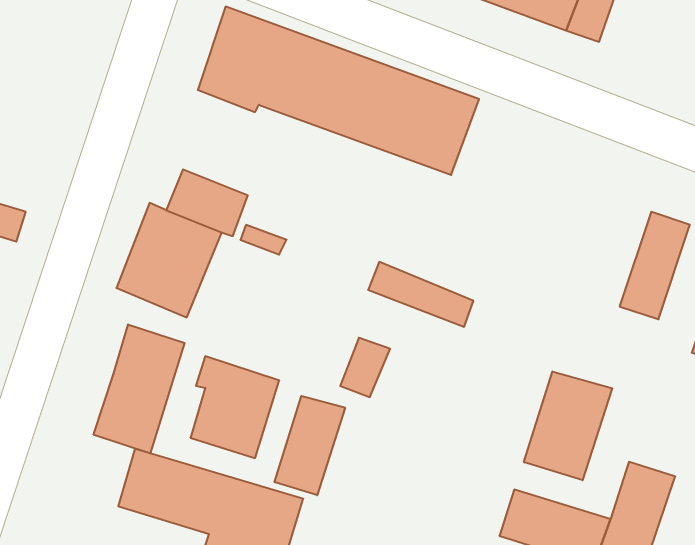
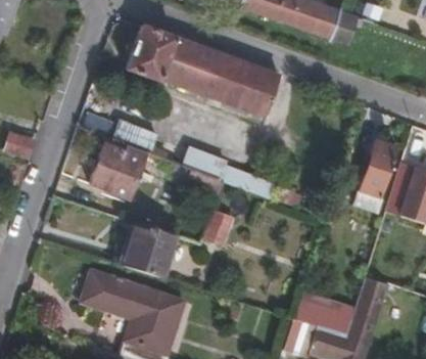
building: none -> [181,144,229,182]
building: [94,324,185,453] -> none
building: [524,371,612,480] -> none
building: [275,396,345,495] -> none

